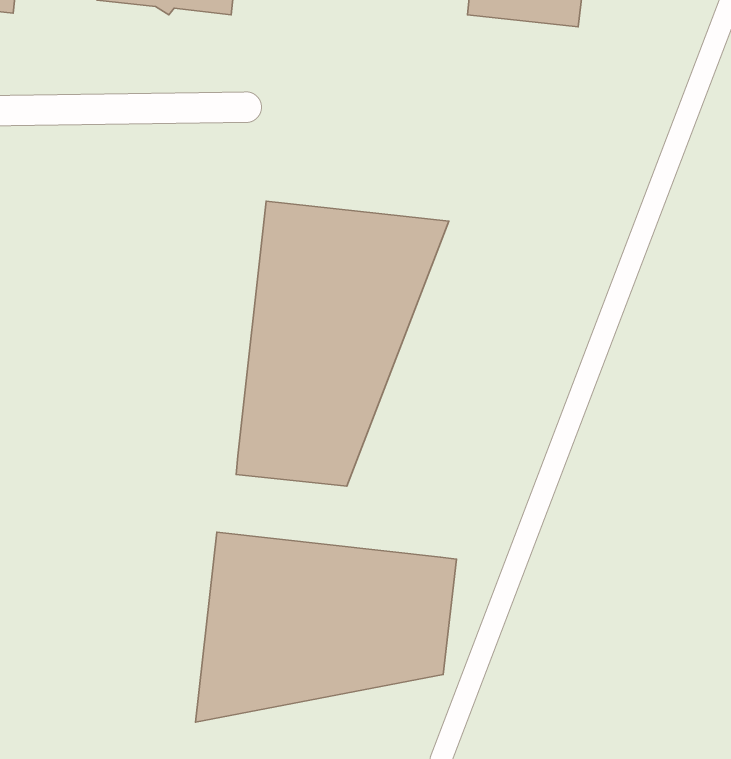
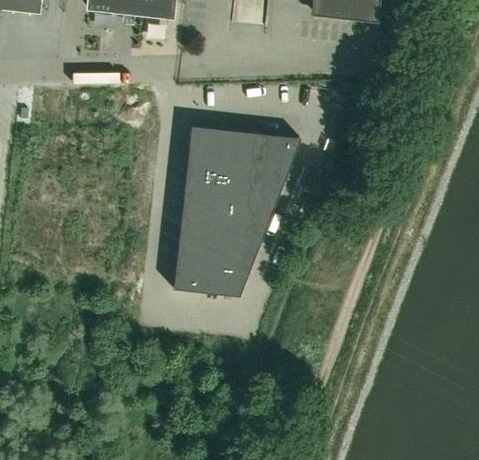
building: [195,532,456,722] -> none

